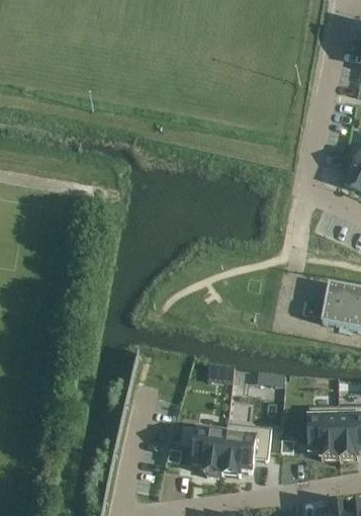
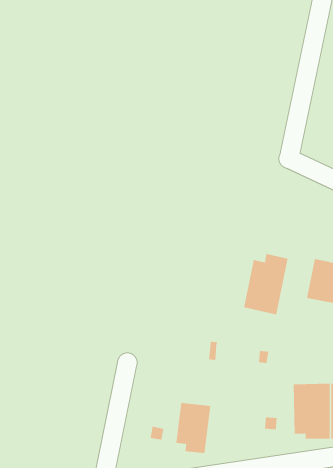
building: none -> [244,253,288,316]
building: [220,421,271,477] -> none

